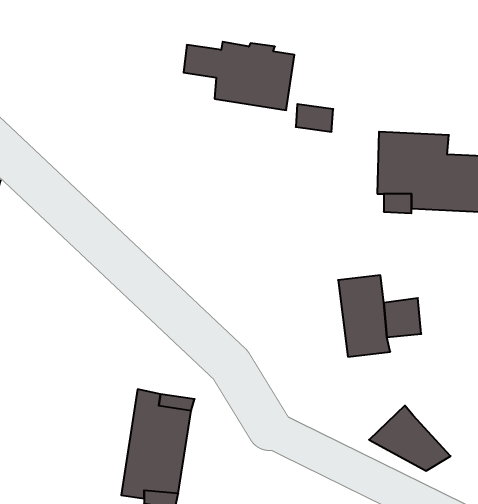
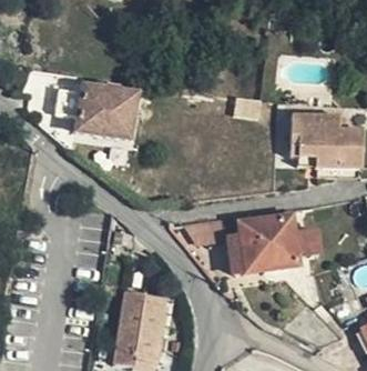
building: [184,42,294,110] -> [58,87,133,133]
building: none -> [225,215,271,273]

